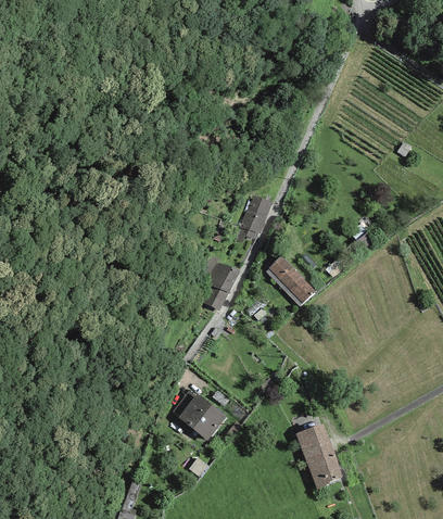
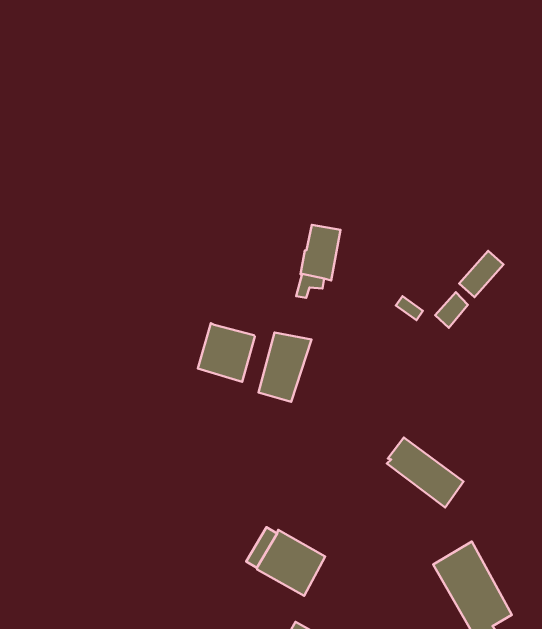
building: none -> [198,323,255,382]
building: [266,255,315,306] -> [387,438,464,508]

